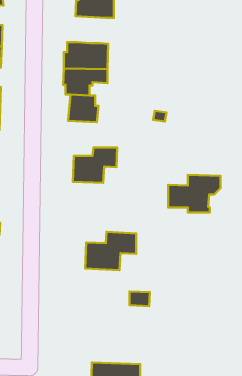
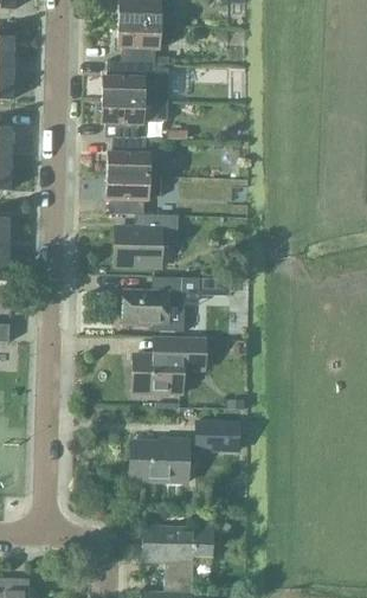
building: none -> [117,25,174,64]
building: none -> [107,176,161,216]
building: [168,175,221,213] -> [124,276,200,330]
building: none -> [130,439,189,483]

